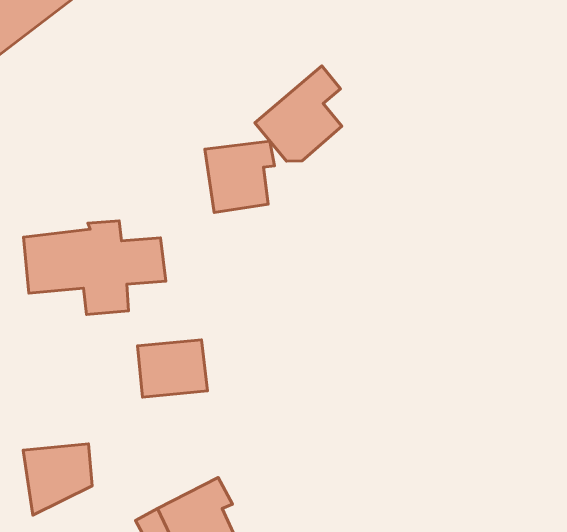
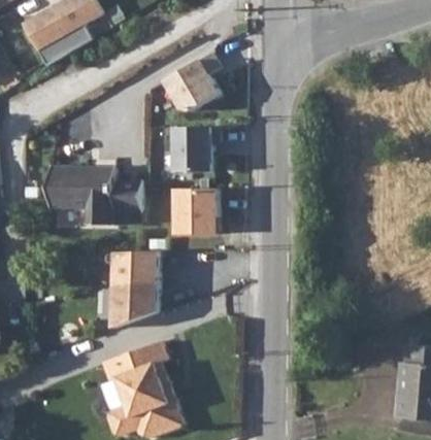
building: [255,66,342,161] -> [162,49,221,110]
building: none -> [173,189,217,234]
building: [23,444,92,515] -> [112,285,156,329]

